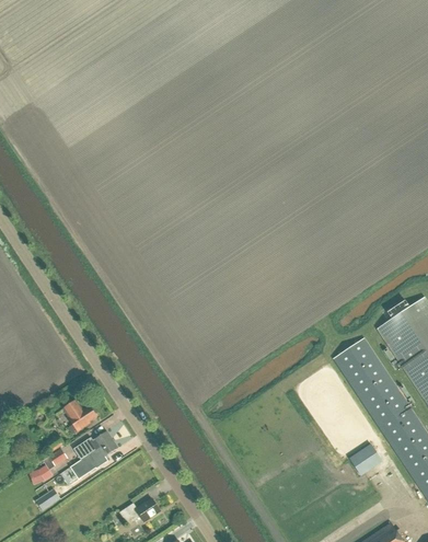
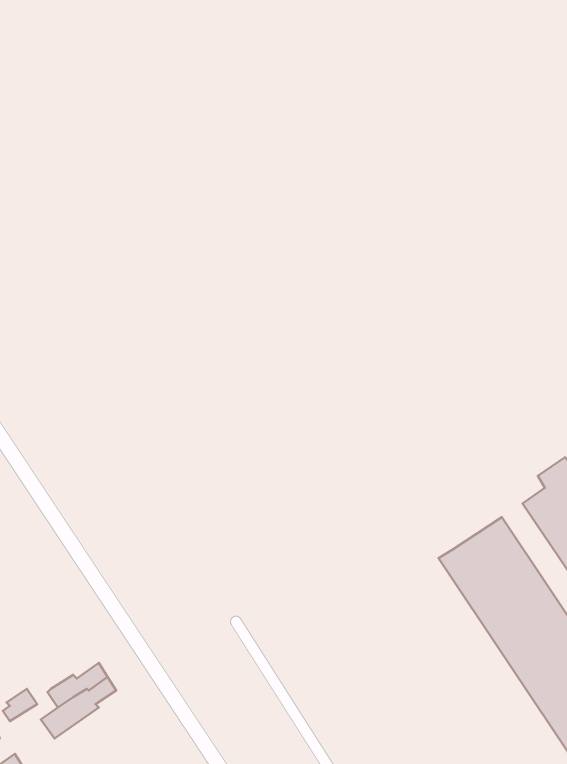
building: [65,402,96,436] -> none
building: [350,446,381,474] -> none

